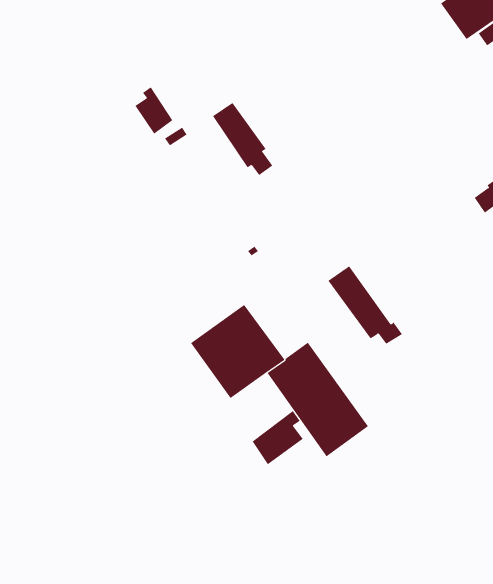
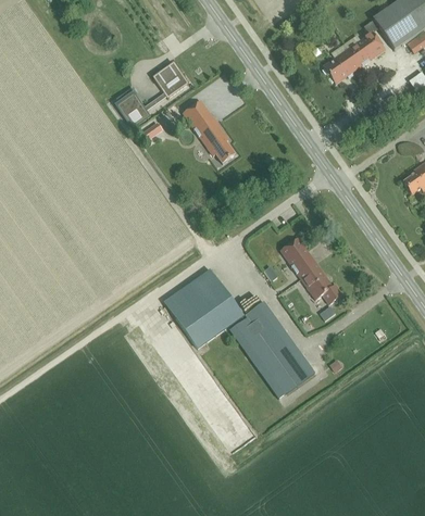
building: none -> [324,29,386,81]
building: none -> [142,64,188,110]
building: [252,410,304,465] -> none

